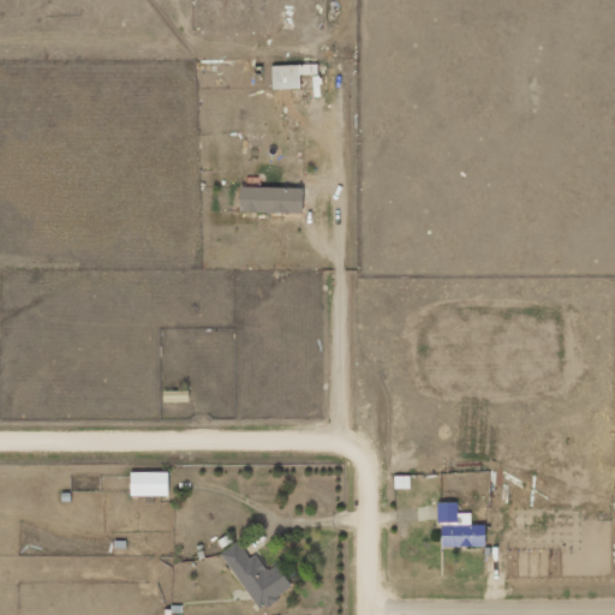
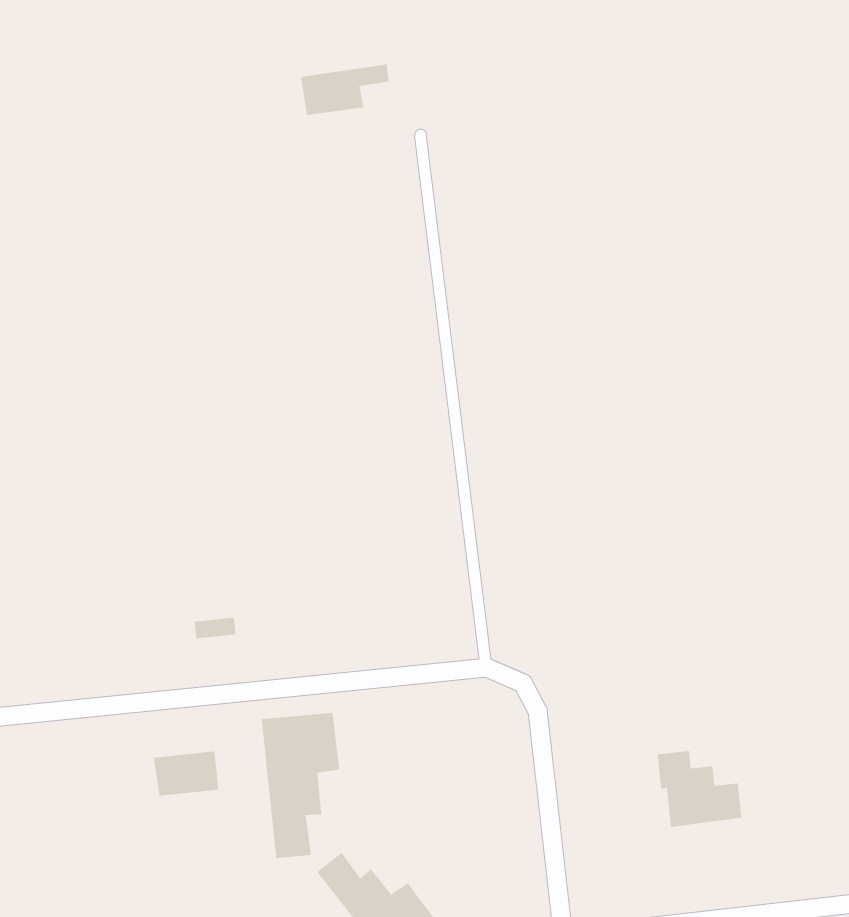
building: [239,186,304,214] -> none
building: none -> [261,712,340,859]

